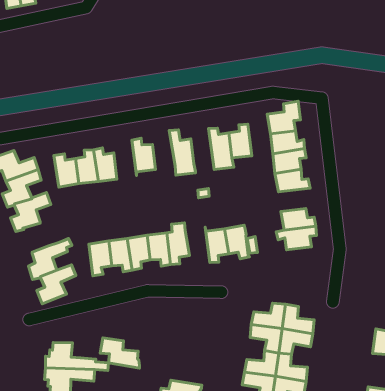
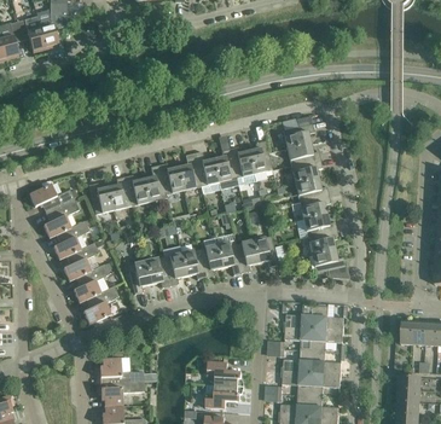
building: none -> [214,147,238,188]
building: none -> [179,152,202,190]
building: none -> [144,164,167,202]
building: none -> [291,194,331,219]
building: none -> [63,242,99,280]
building: none -> [215,232,242,274]
building: none -> [312,249,346,278]
building: [100,338,140,368] -> [207,361,244,387]

